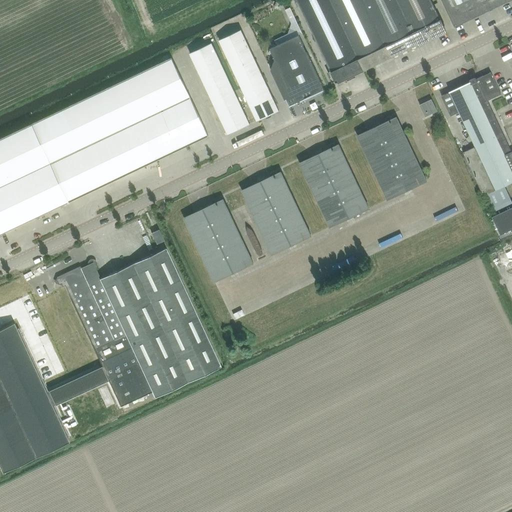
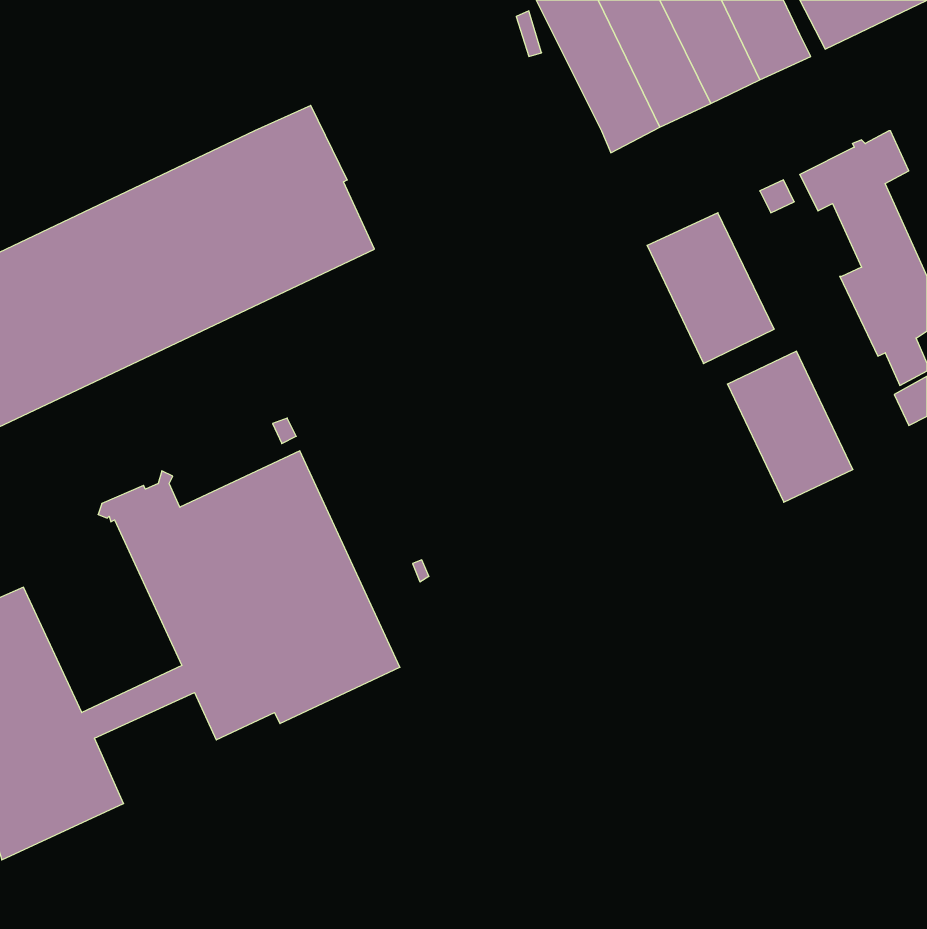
building: [218,29,278,121] -> none
building: [269,35,323,107] -> none
building: [189,43,249,134] -> none
building: [299,144,368,227] -> [727,351,853,502]
building: [241,172,311,255] -> none
building: [183,199,253,282] -> none

